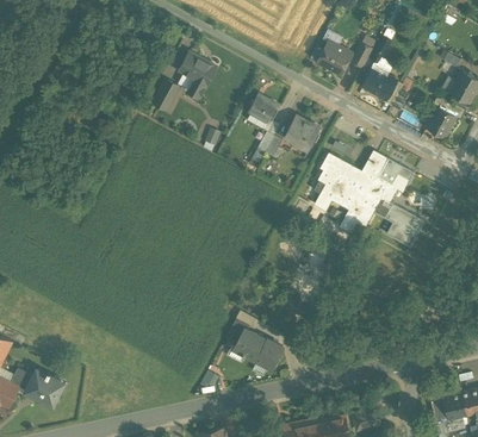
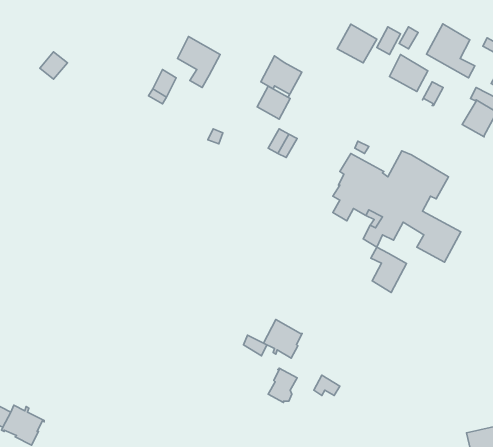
building: none -> [426,24,475,78]
building: [284,114,319,150] -> [261,56,302,97]
building: none -> [371,247,407,292]
building: [234,327,267,361] -> [264,320,302,358]

